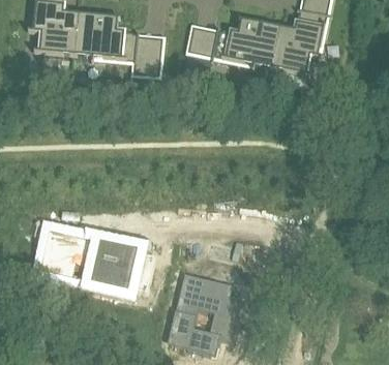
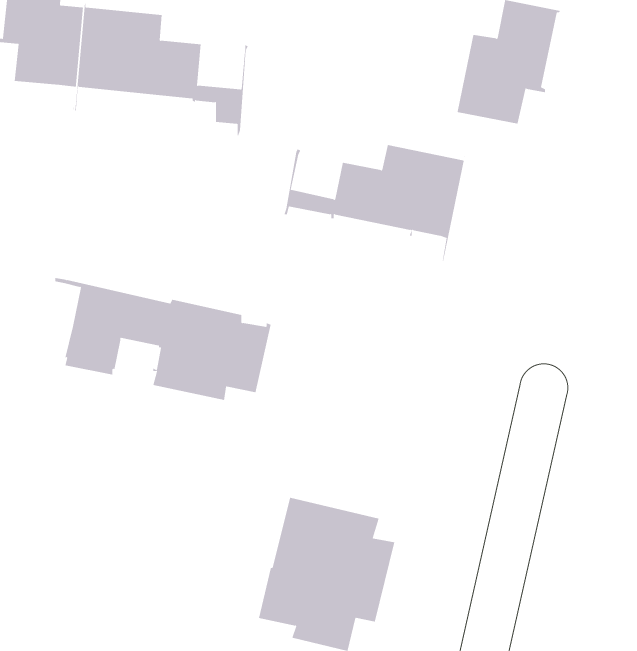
building: [185,18,281,80] -> [284,145,465,262]
building: [39,227,154,293] -> [55,278,272,401]

